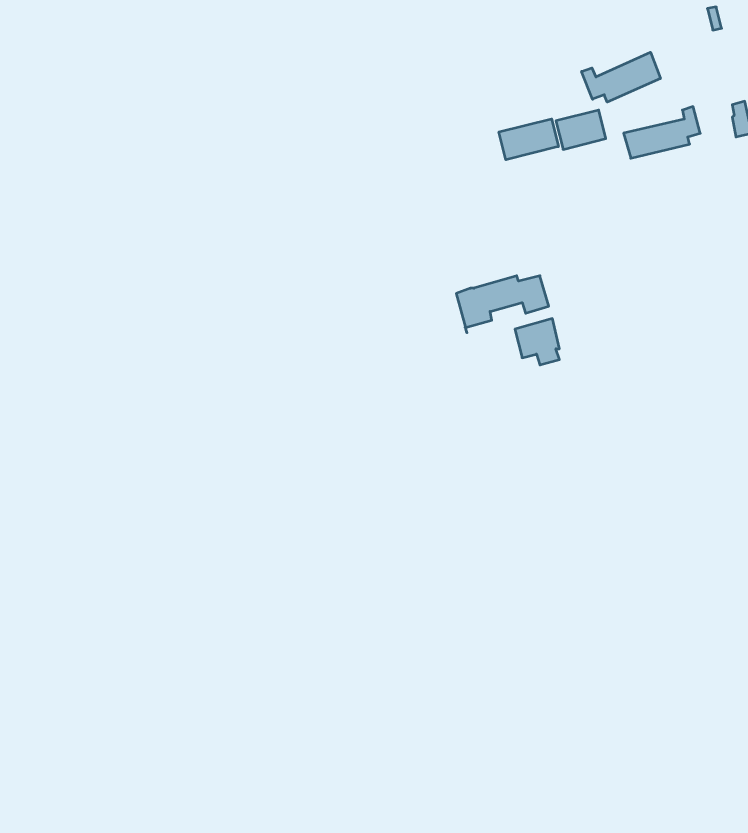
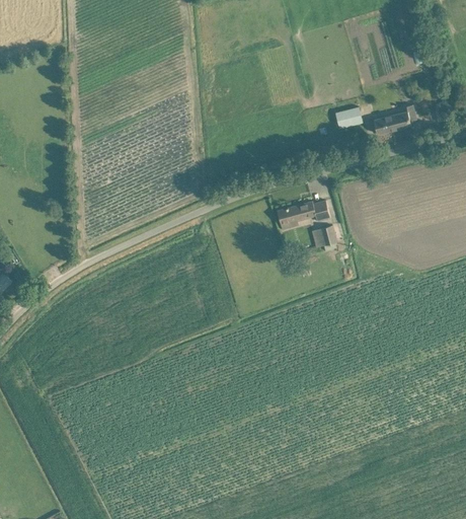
building: [582,52,660,102] -> none
building: [499,119,558,160] -> none

